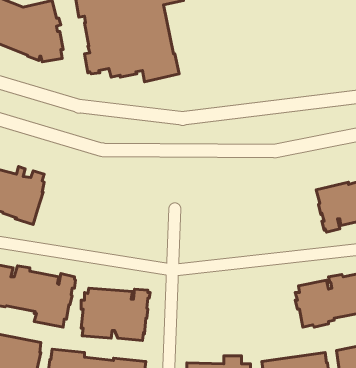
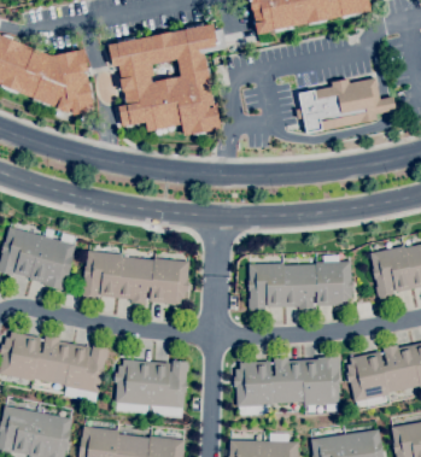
building: none -> [296,77,396,133]
building: none -> [81,251,189,305]
building: none -> [247,254,353,310]
building: none -> [234,357,340,415]

